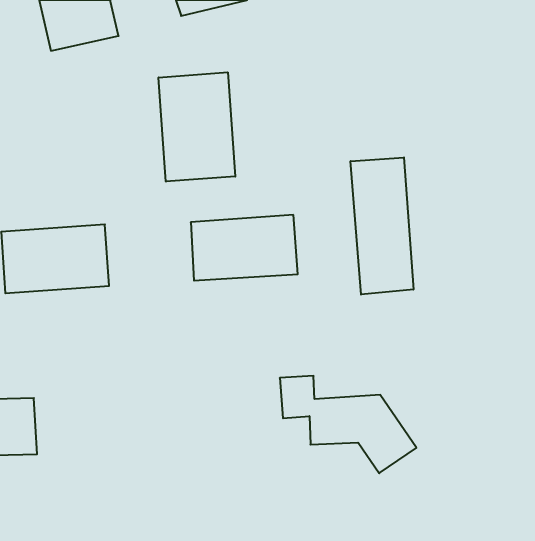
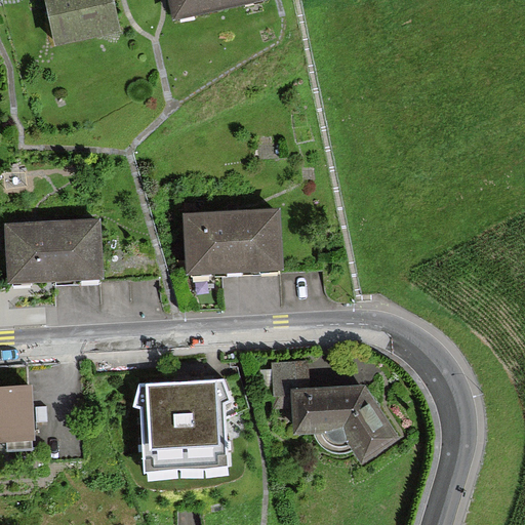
building: [159,72,235,182] -> none
building: [351,157,413,295] -> none
building: none -> [129,383,225,474]

